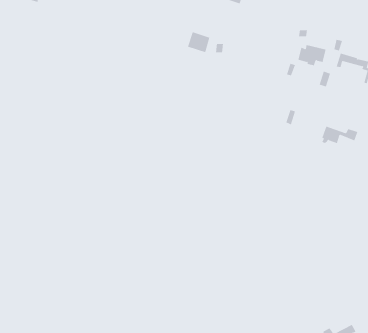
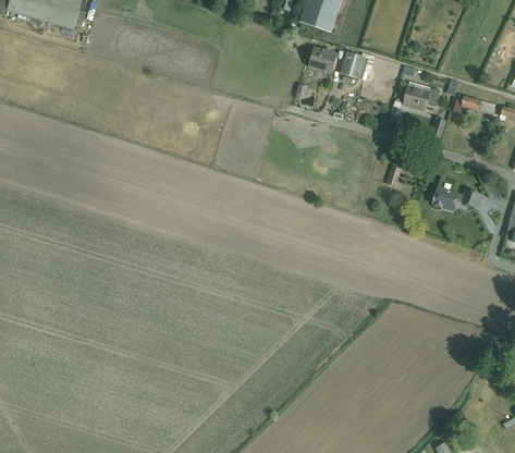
building: none -> [341,51,373,78]
building: [187,31,210,53] -> [308,46,338,73]

